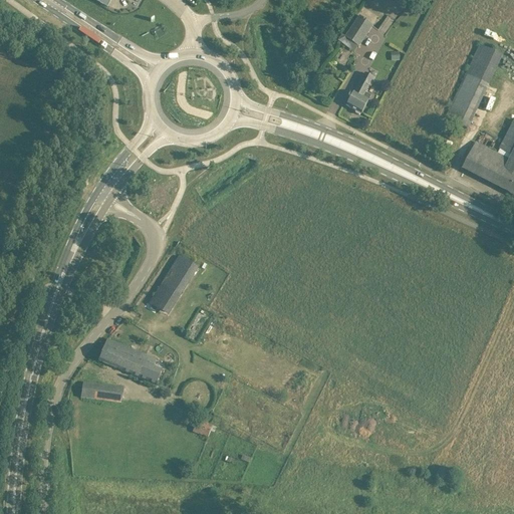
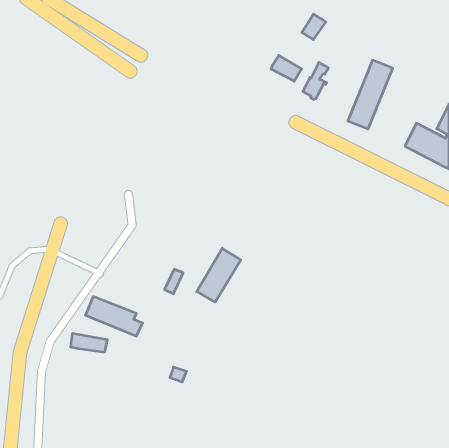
building: [451,42,502,120] -> [348,60,393,129]
building: none -> [271,55,302,81]
building: [149,252,199,313] -> [197,248,241,302]

